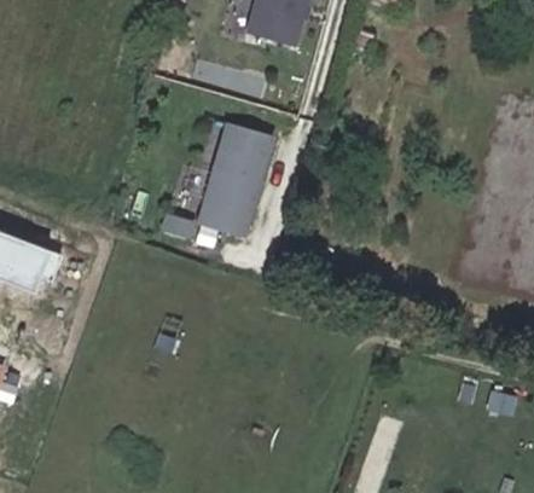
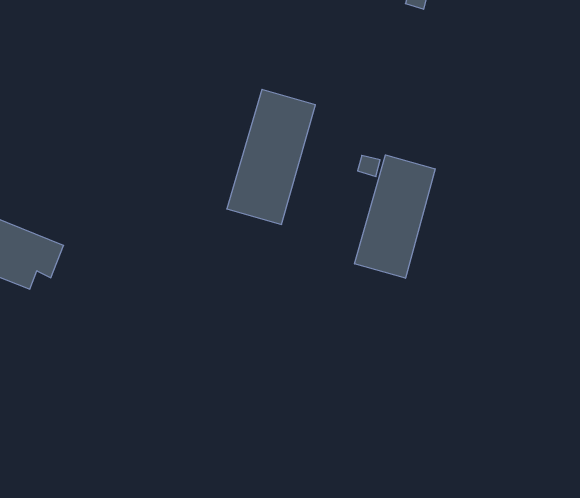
building: none -> [355,155,435,278]

